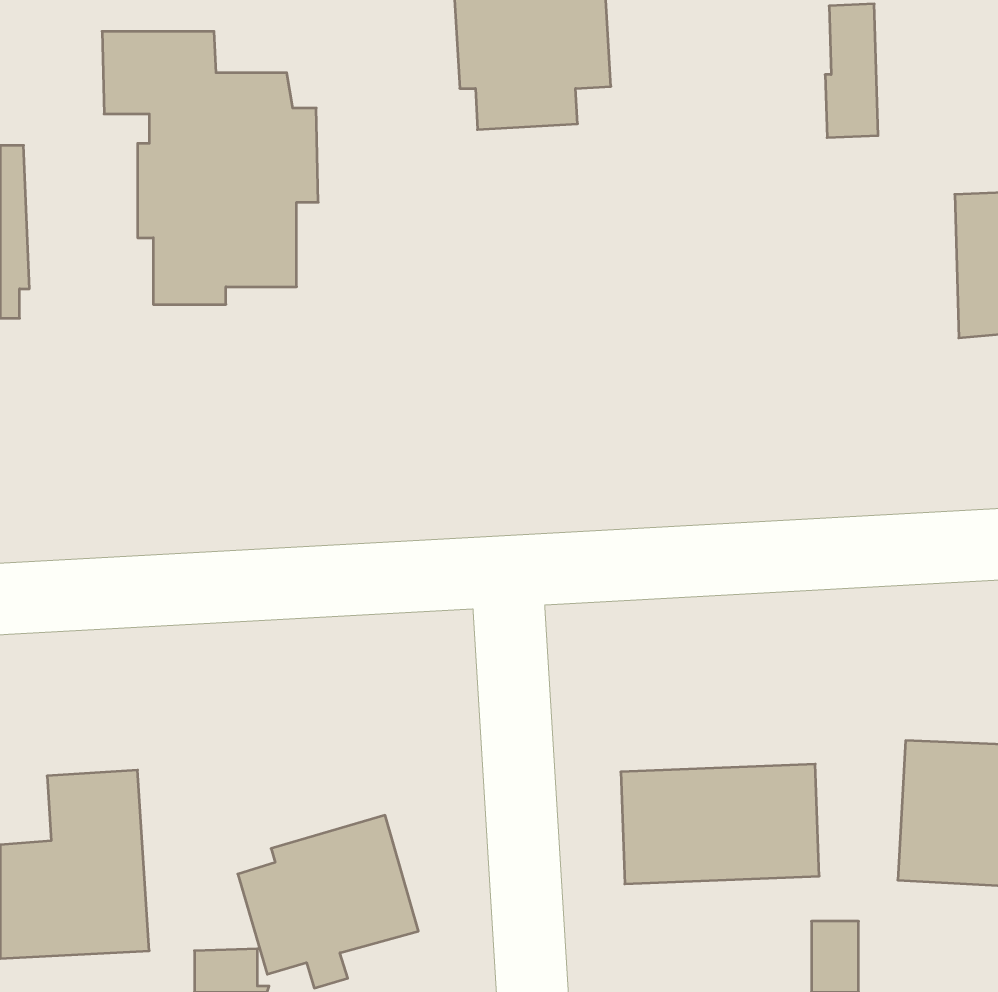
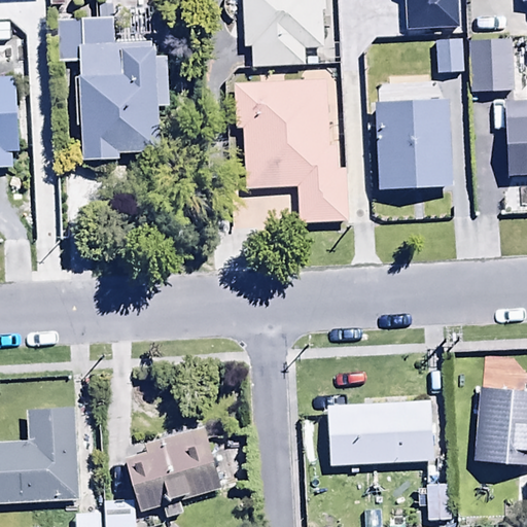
building: none -> [469,38,513,93]
building: none -> [234,79,348,224]
building: none -> [374,85,452,189]

